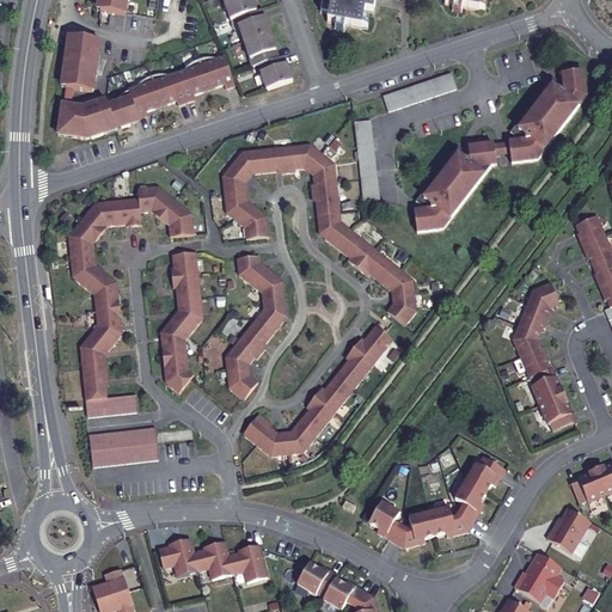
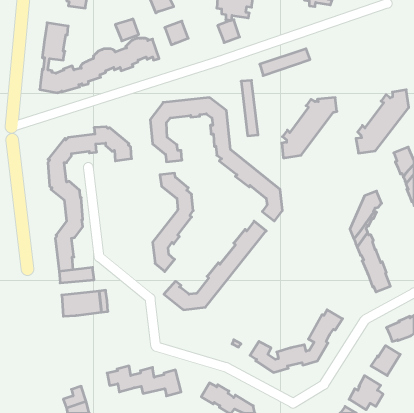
building: [233,8,268,41] -> [115,19,139,41]
building: [258,55,290,88] -> [218,20,240,43]
building: [508,69,586,163] -> [356,90,409,153]
building: [161,252,203,392] -> none

